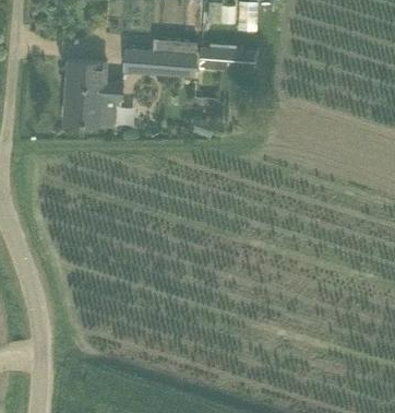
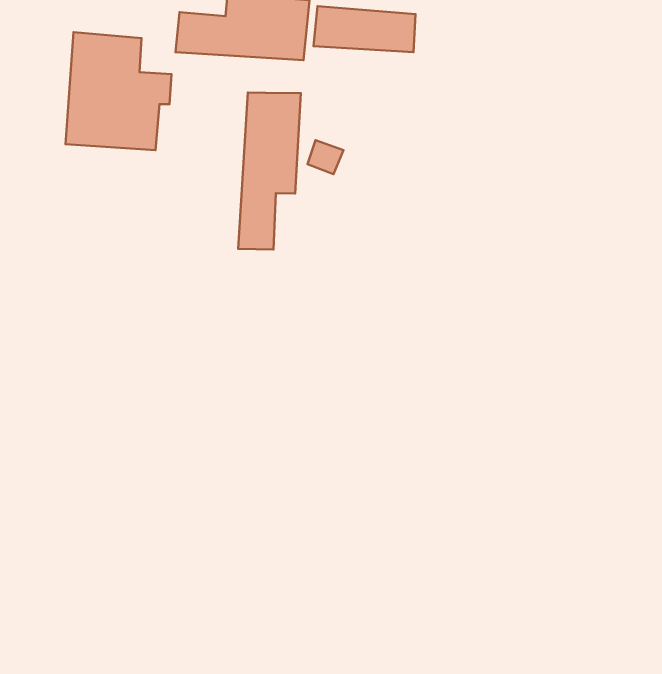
building: none -> [238,93,301,249]

